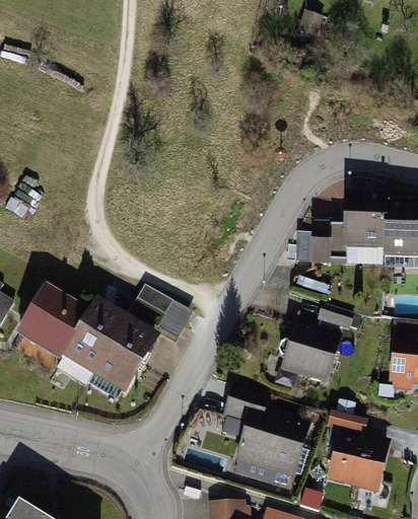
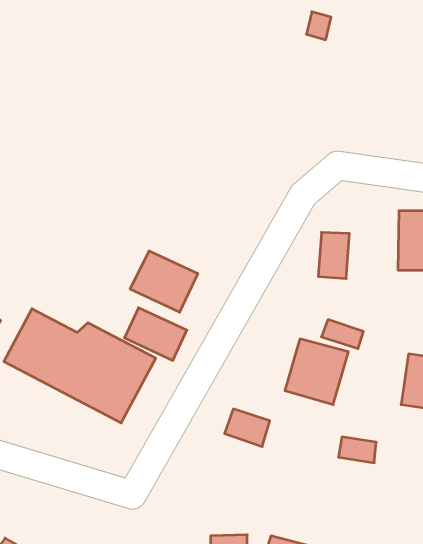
building: [344,197,382,250] -> none
building: none -> [130,251,198,312]
building: [234,409,309,481] -> none
building: [331,441,386,498] -> none

